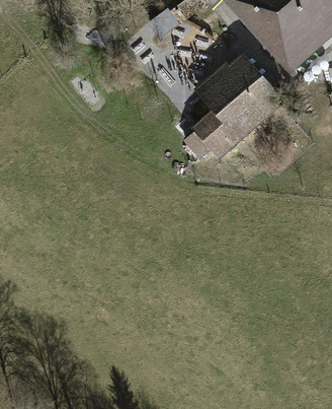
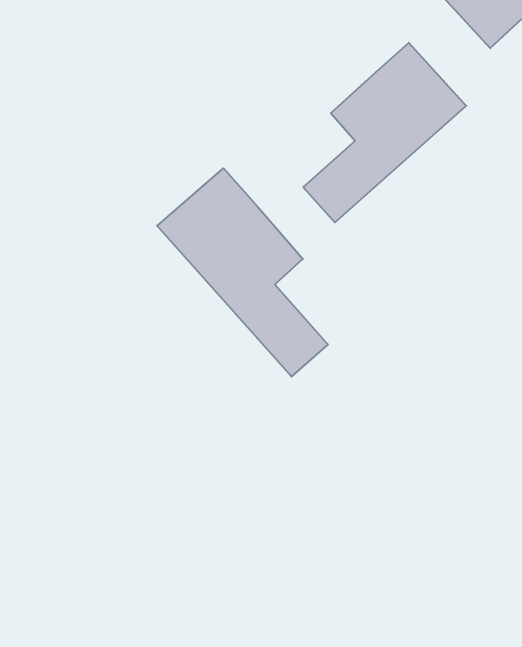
building: none -> [157,168,328,377]

